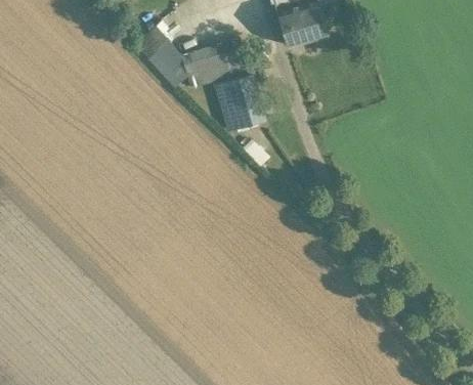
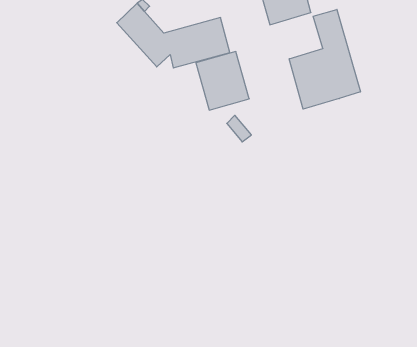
building: none -> [289,9,360,109]

